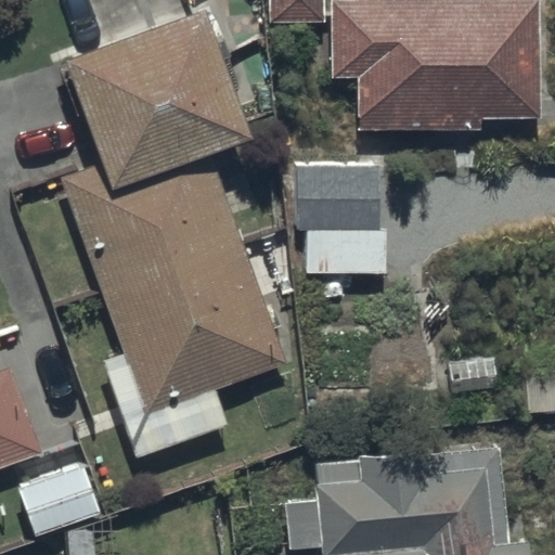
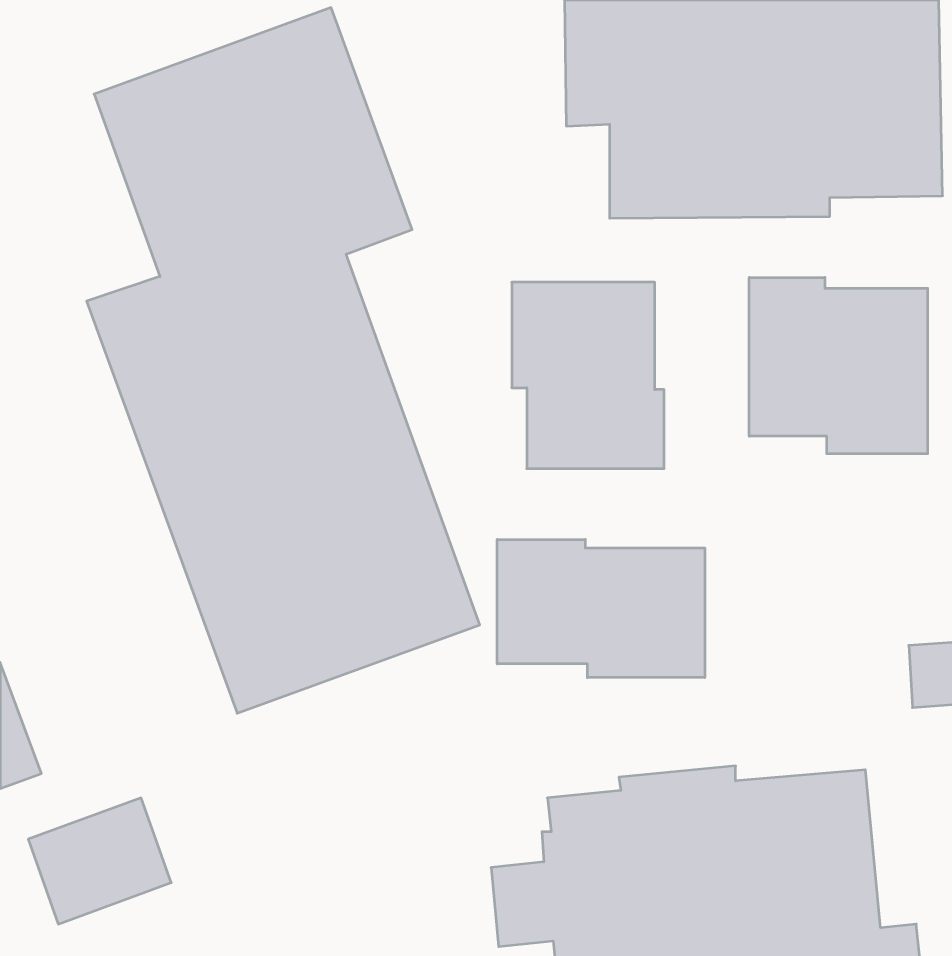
building: none -> [749,277,928,454]
building: none -> [497,539,705,678]

